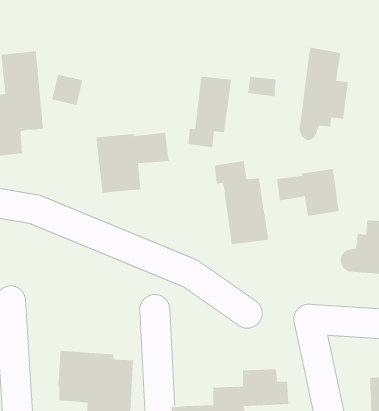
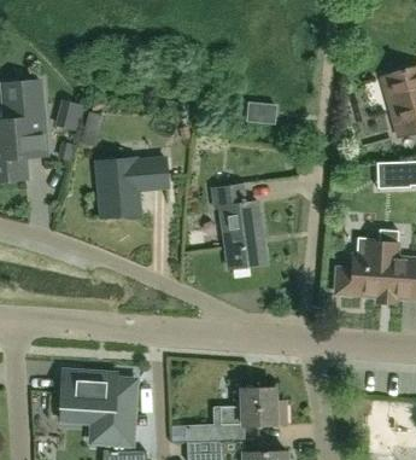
building: [299,47,349,141] -> none
building: [188,76,232,148] -> none
building: [276,168,340,217] -> none

